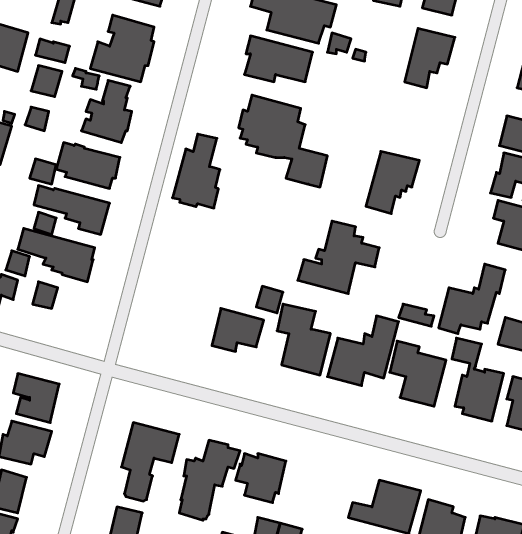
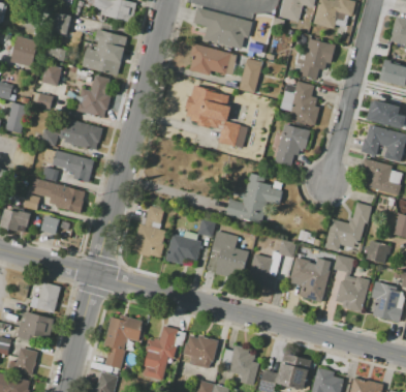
building: none -> [239,58,263,93]
building: none -> [287,81,319,126]
building: [172,134,220,208] -> [132,206,165,258]
building: none -> [228,344,258,386]

